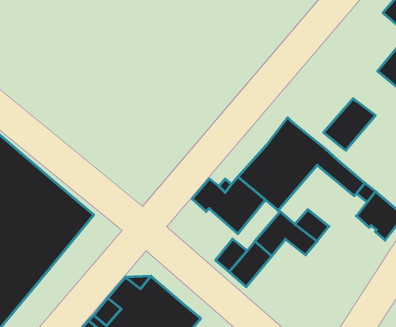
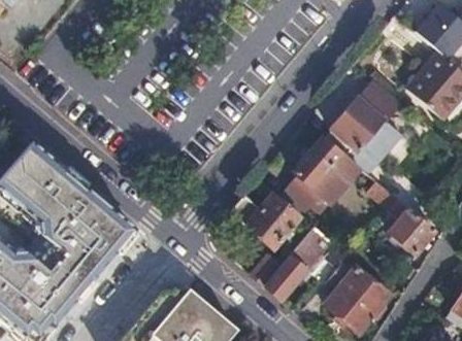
building: none -> [327,80,401,176]
building: none -> [322,264,392,333]

